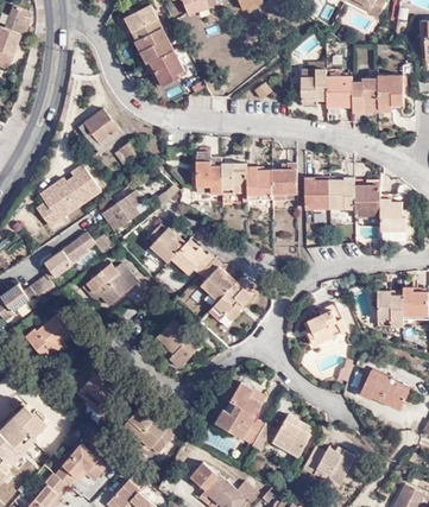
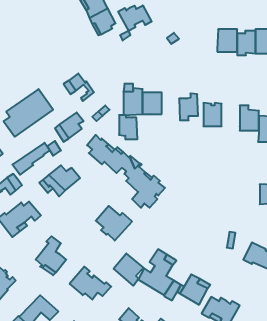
building: none -> [118,5,152,31]
building: [301,71,326,106] -> none
building: [81,109,120,152] -> none
building: [248,170,273,203] -> [119,115,137,139]
building: [330,179,355,211] -> none
building: [308,304,347,344] -> none
building: none -> [114,253,143,286]

